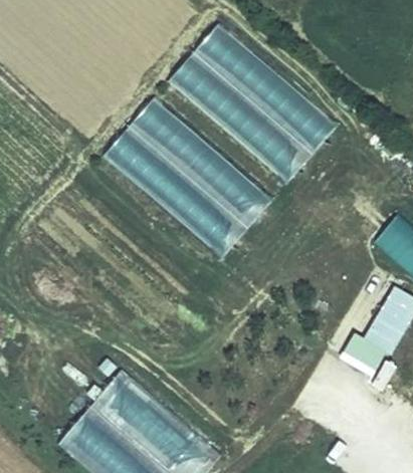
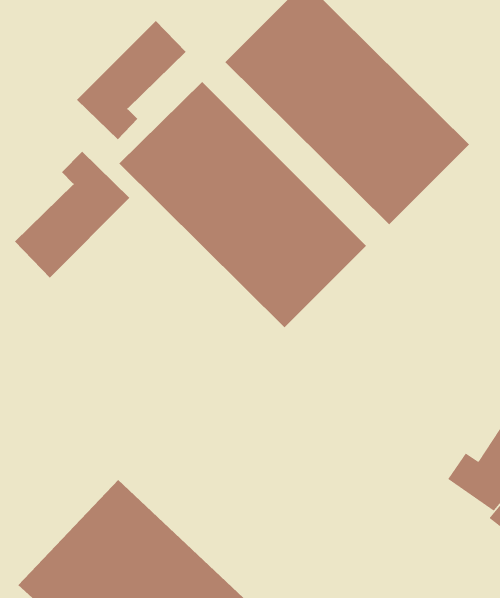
building: none -> [76,20,186,140]
building: none -> [14,151,130,278]

